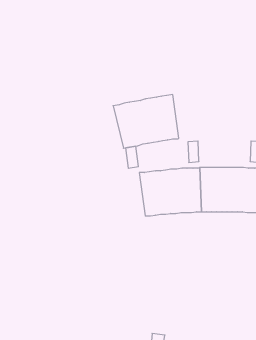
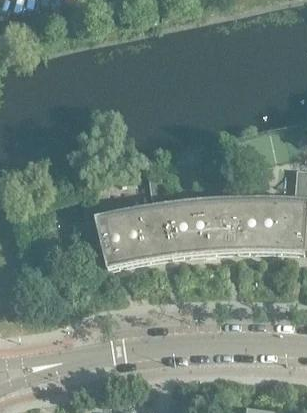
building: [113,95,179,148] -> [96,205,173,268]

